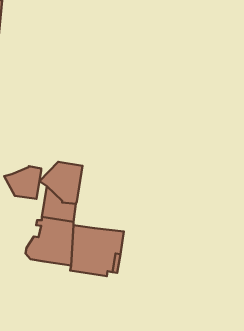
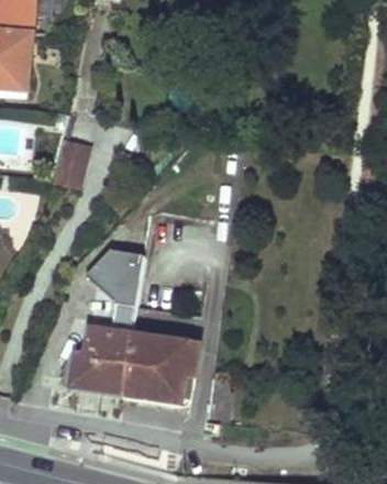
building: none -> [52,139,87,190]
building: [4,166,41,199] -> none

